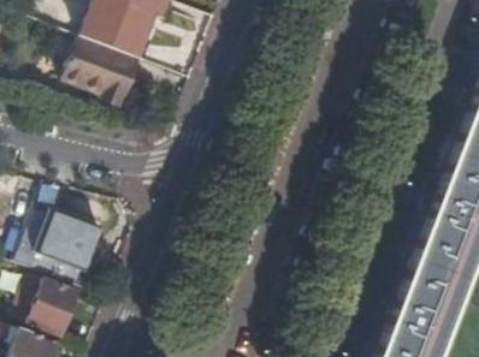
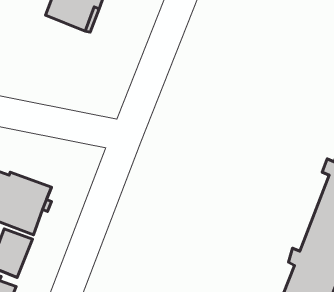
building: [63,35,141,99] -> none

